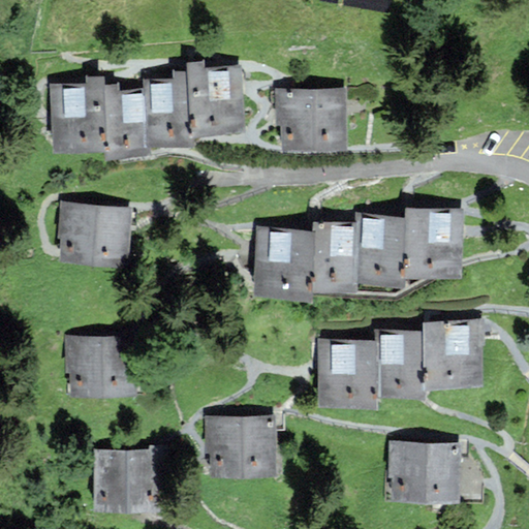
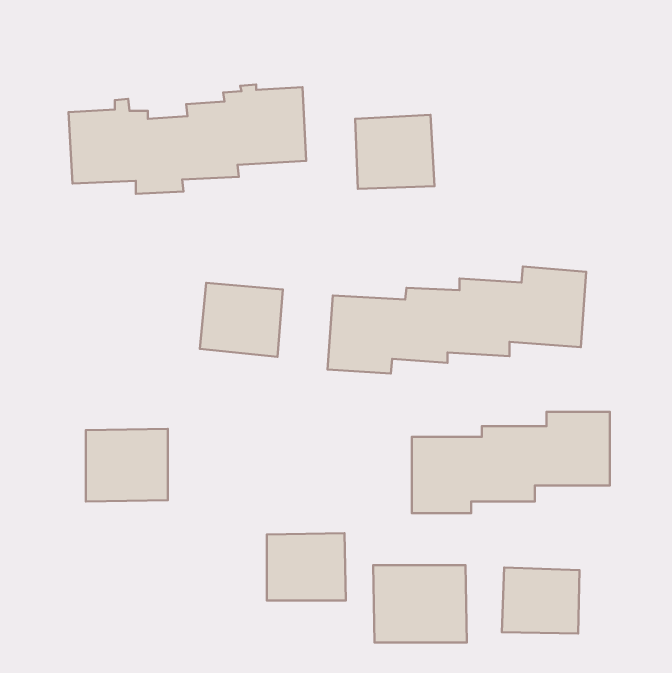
building: [61,204,126,261] -> [200,283,283,357]
building: none -> [373,565,467,642]
building: [97,447,161,504] -> none

